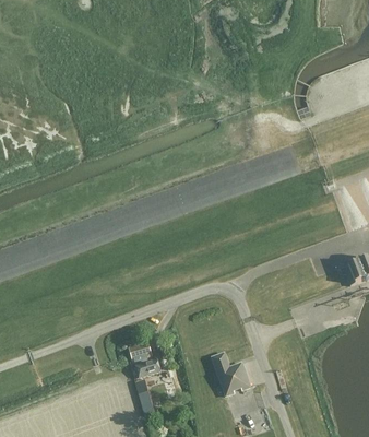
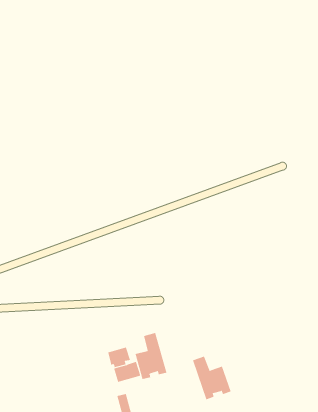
building: none -> [135,332,167,380]

